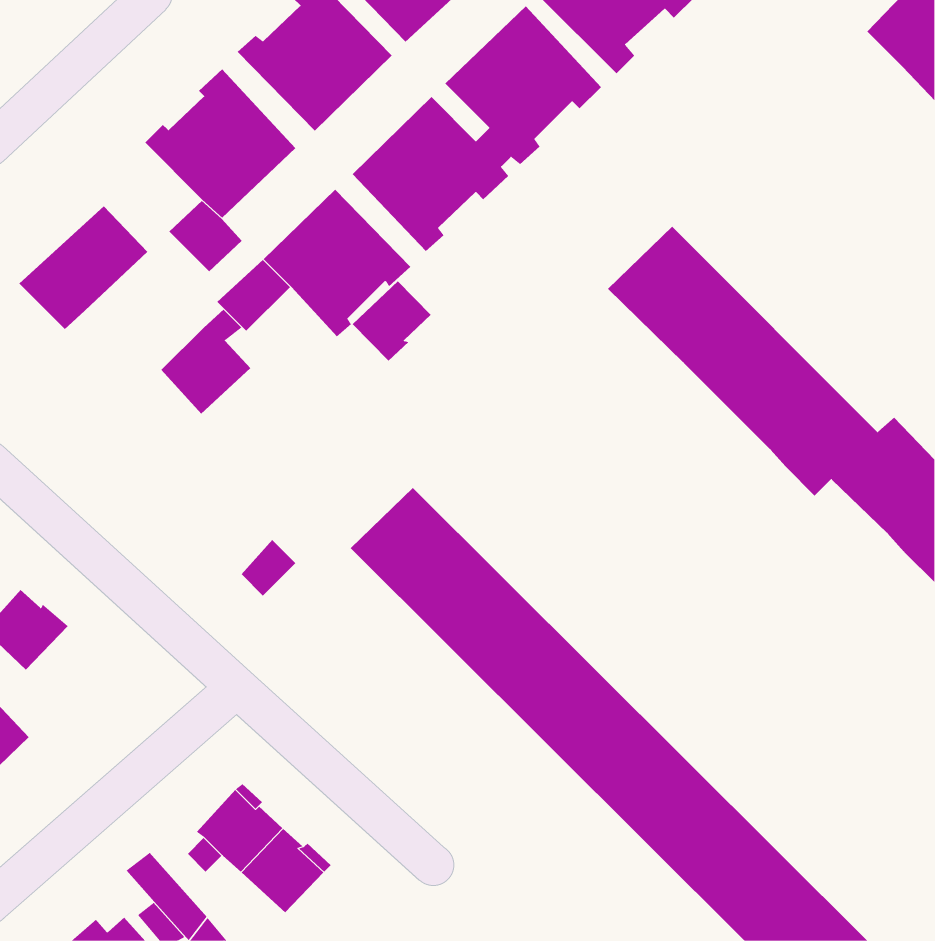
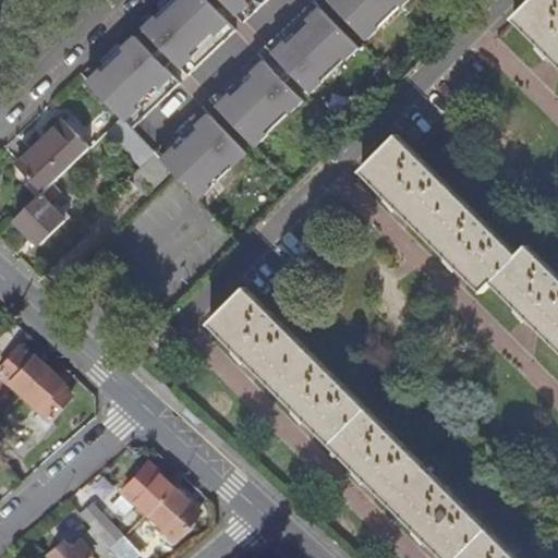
building: [352,281,431,362] -> none
building: [161,309,251,414] -> [13,183,66,245]
building: none -> [15,368,65,418]

